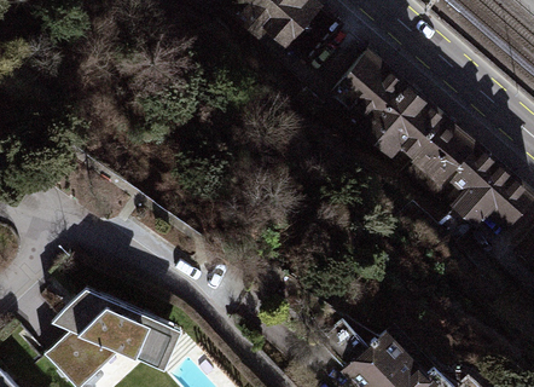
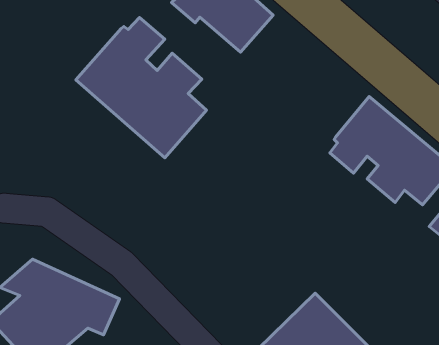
building: none -> [76,17,206,158]
building: [325,46,446,160] -> none

